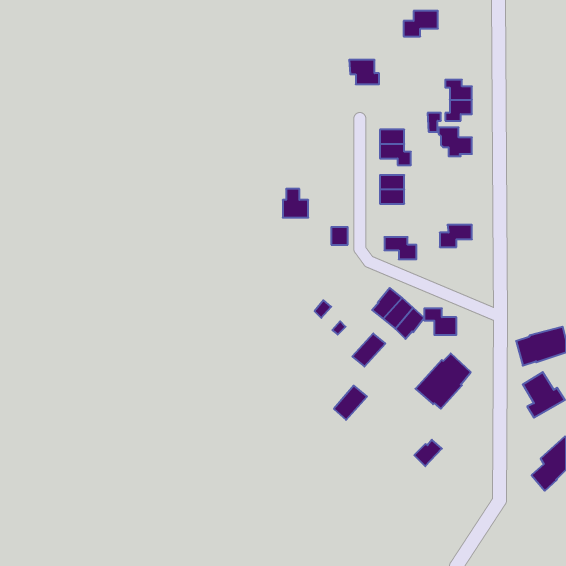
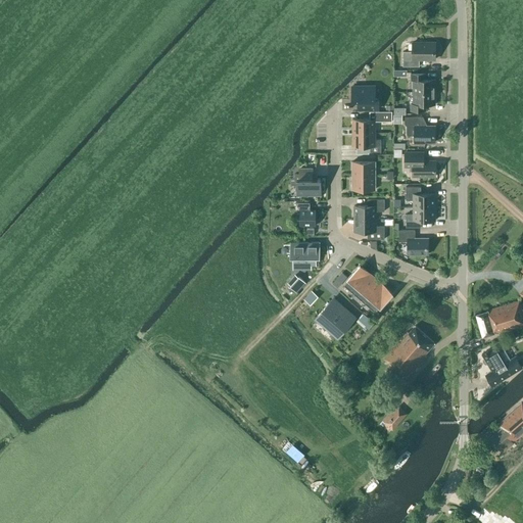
building: [404,11,438,36] -> [403,43,435,66]
building: [349,60,379,84] -> [351,87,379,109]
building: none -> [405,152,435,177]
building: [283,189,308,218] -> [297,169,321,195]
building: none -> [406,187,435,207]
building: none -> [354,199,384,219]
building: none -> [293,245,320,272]
building: [424,308,456,335] -> [398,230,428,254]
building: [334,386,367,420] -> [314,297,344,329]

